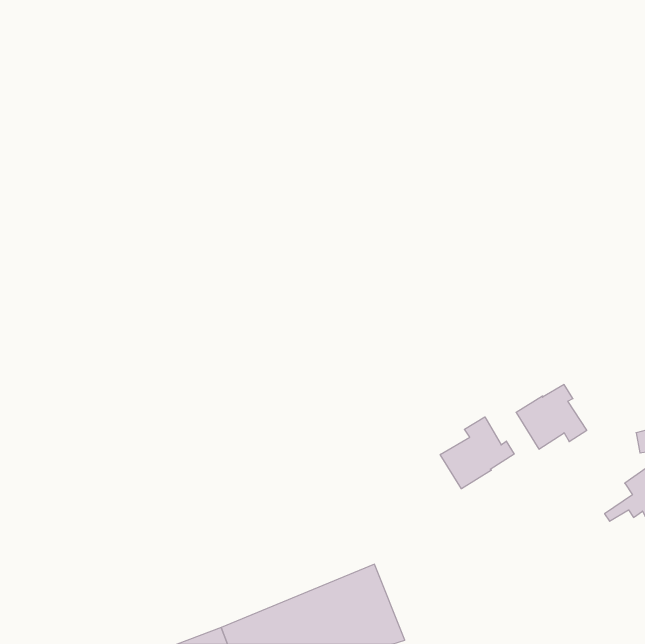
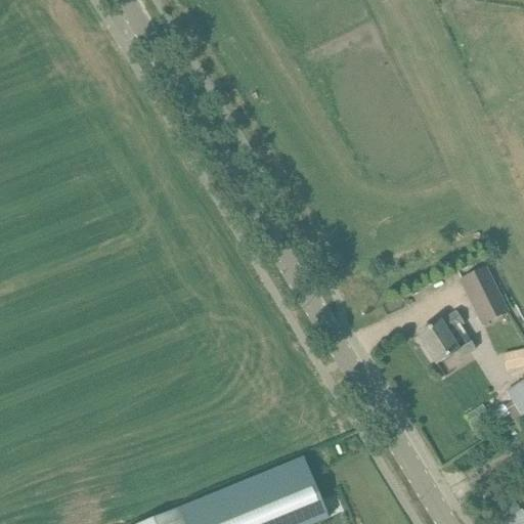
building: none -> [460,265,510,324]
building: [440,417,514,489] -> none

